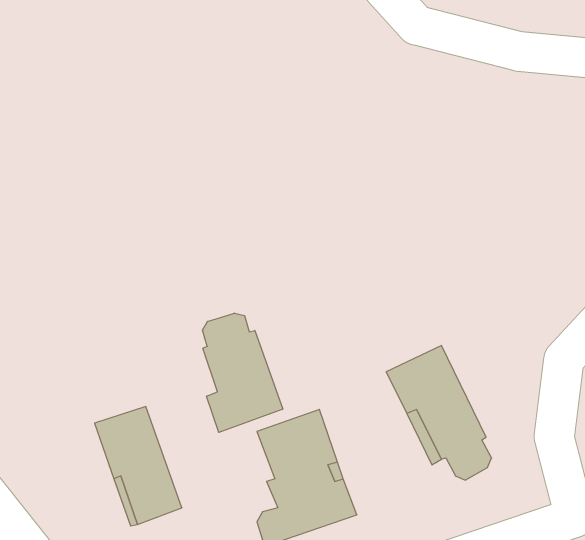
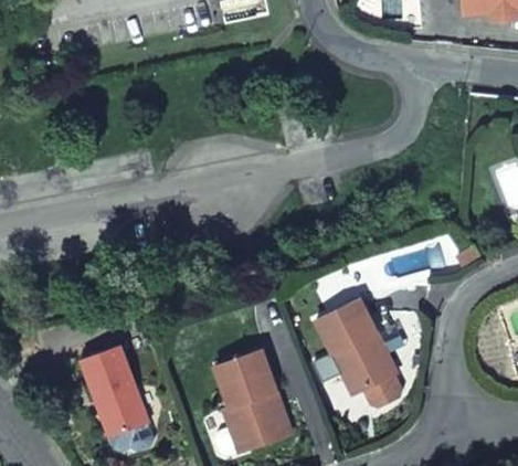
building: [202,313,283,432] -> none

